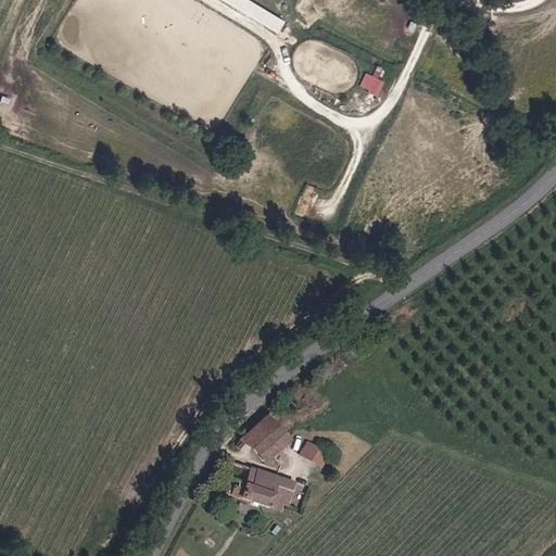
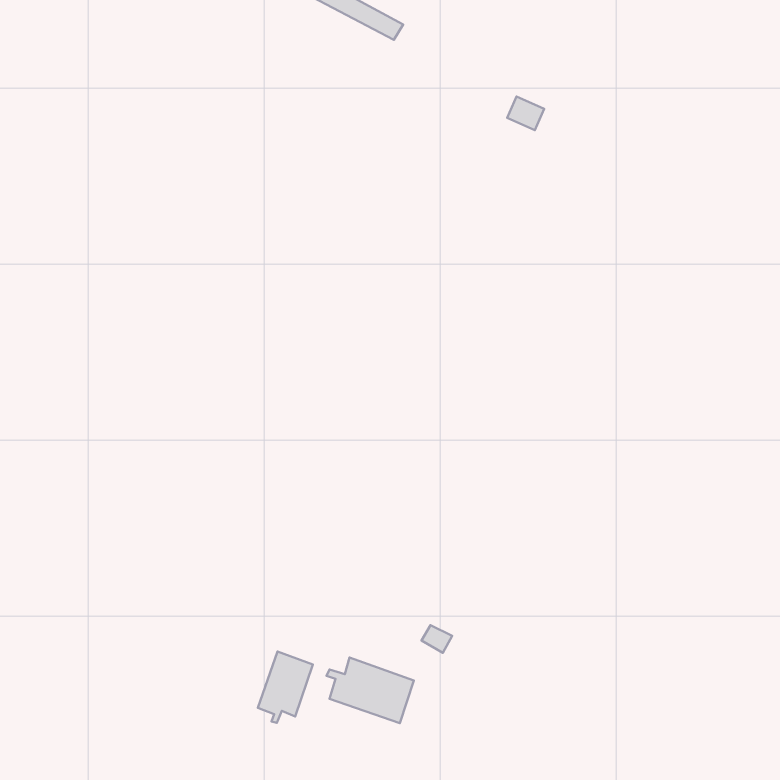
building: [244,416,288,460] -> none
building: none -> [258,651,313,723]

